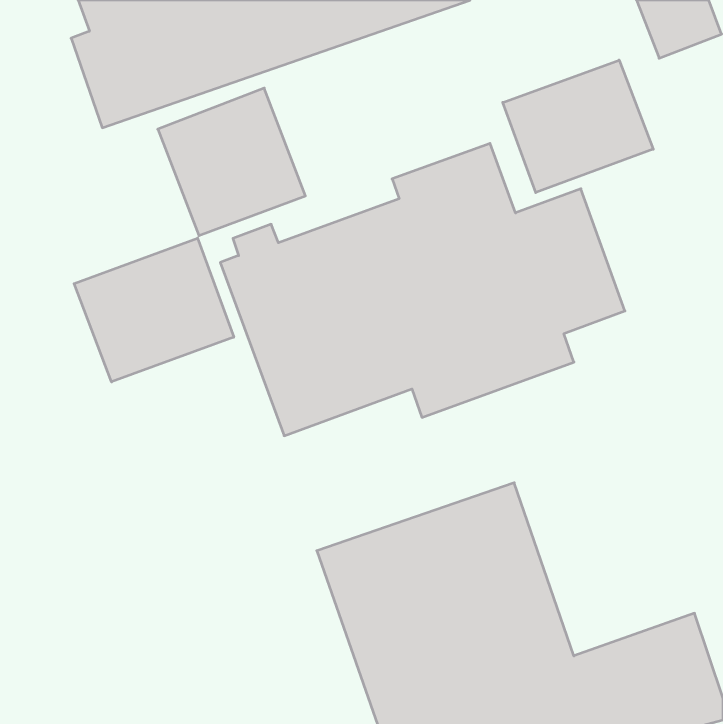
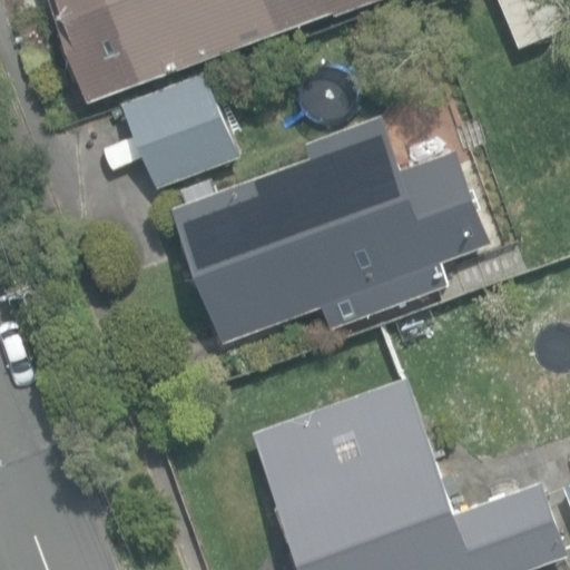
building: [503,60,653,193] -> none
building: [74,238,234,382] -> none

